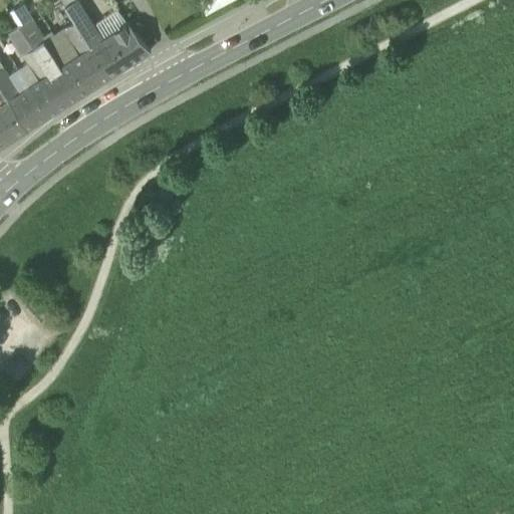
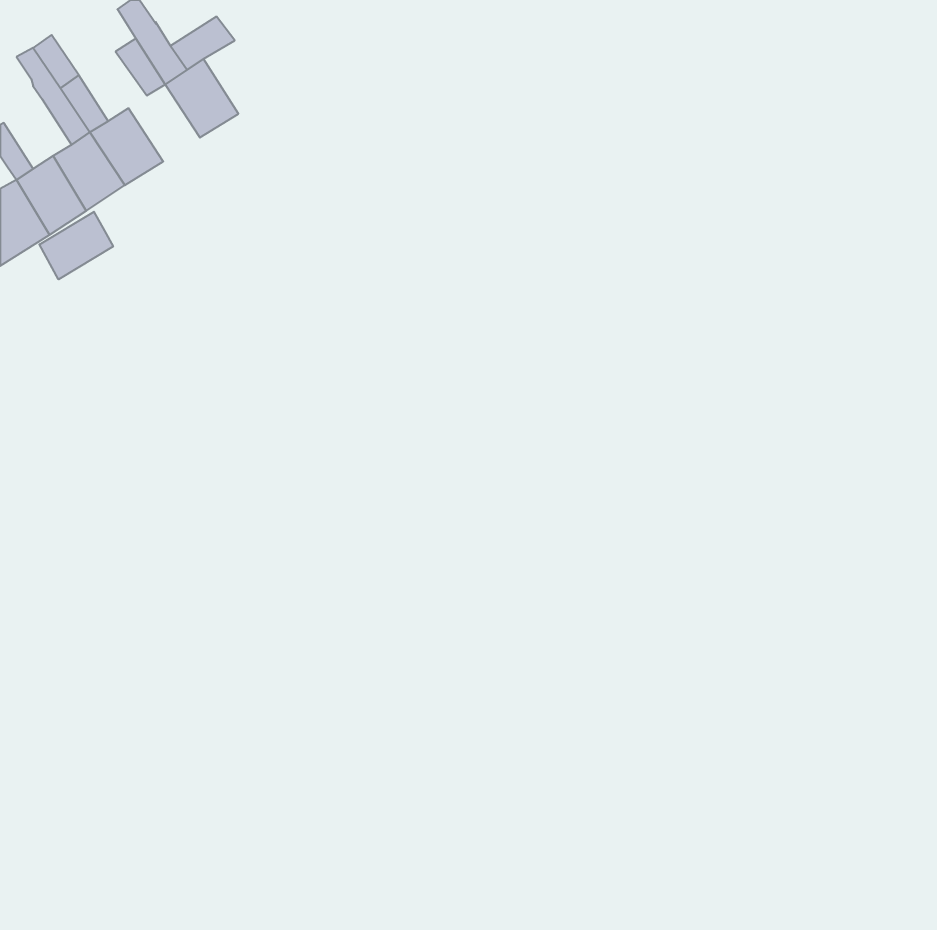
building: [111,26,150,66] -> none
building: [70,50,109,92] -> none
building: none -> [39,212,113,279]

